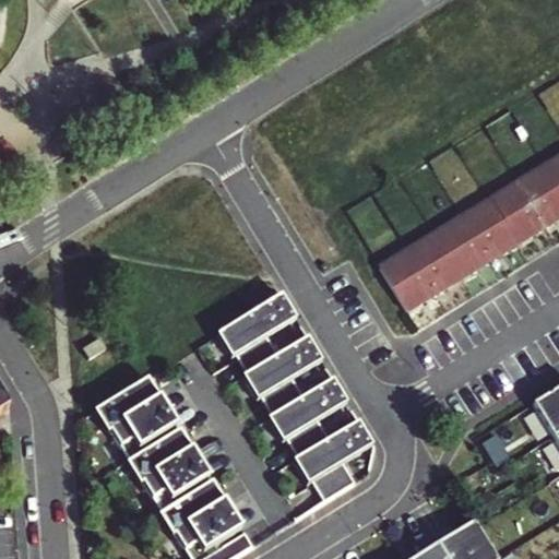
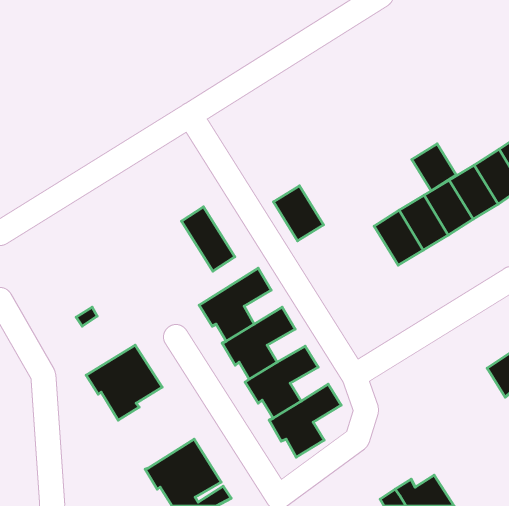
building: none -> [412,144,456,191]
building: none -> [181,207,235,271]
building: [382,247,437,307] -> [274,186,324,241]
building: [128,428,211,511] -> none

